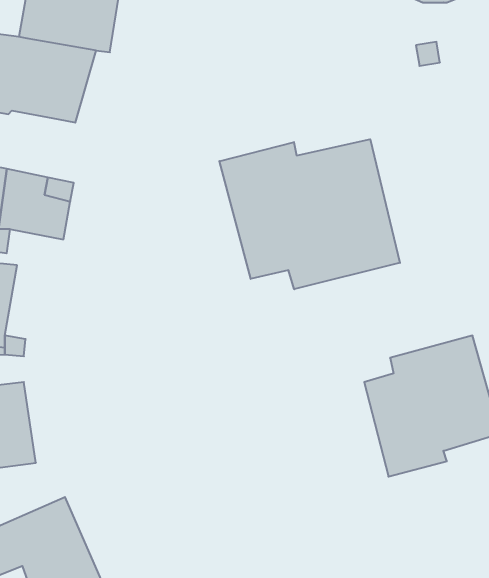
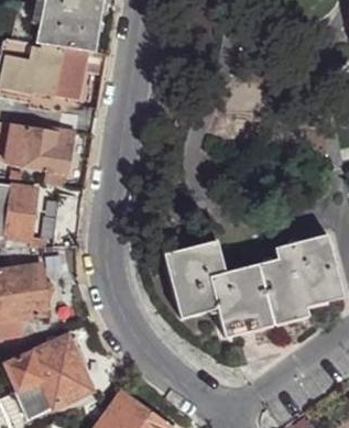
building: [219,139,400,289] -> none
building: none -> [164,240,274,336]

